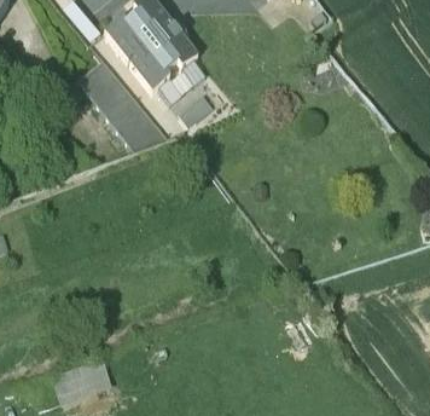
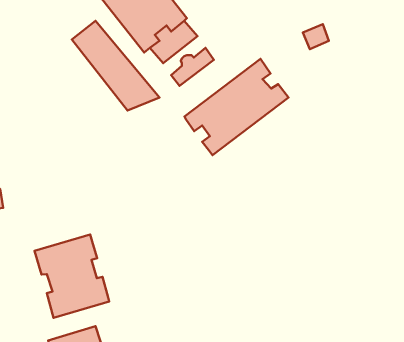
building: none -> [184,59,289,155]
building: none -> [35,235,109,318]

